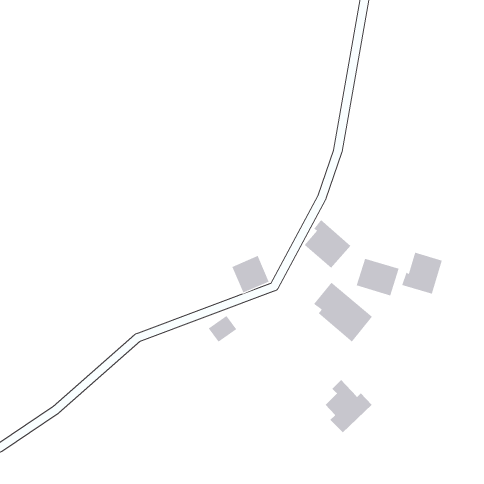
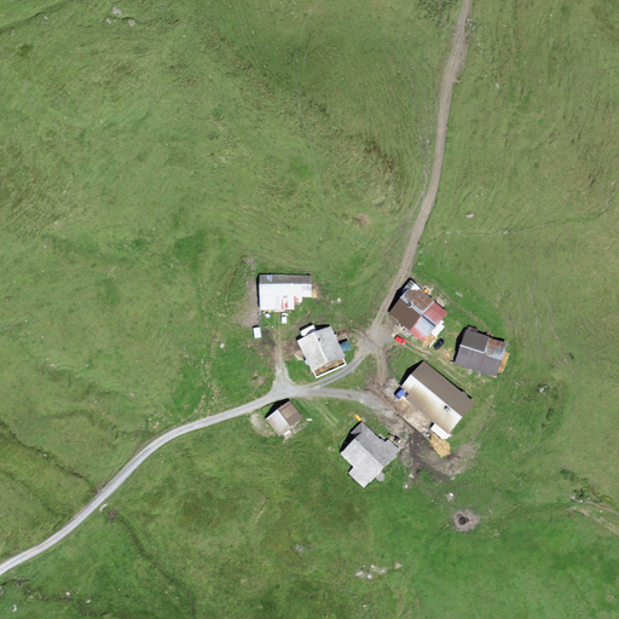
building: none -> [258,272,311,311]
building: [402,252,442,295] -> none
building: [325,379,372,433] -> [340,421,400,490]

